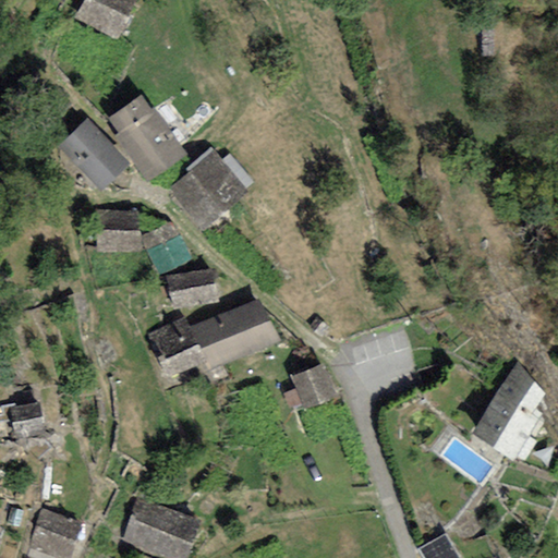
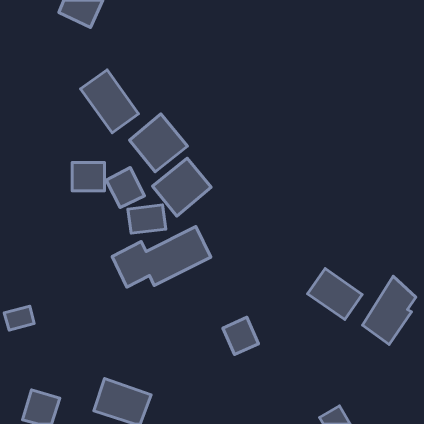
building: [59,118,130,189] -> none
building: none -> [152,158,211,216]
building: none -> [308,269,362,320]
building: [290,361,337,410] -> [223,317,259,355]

